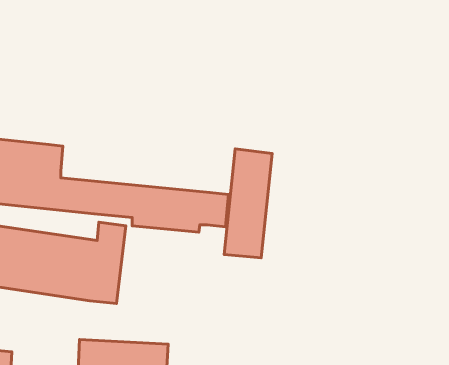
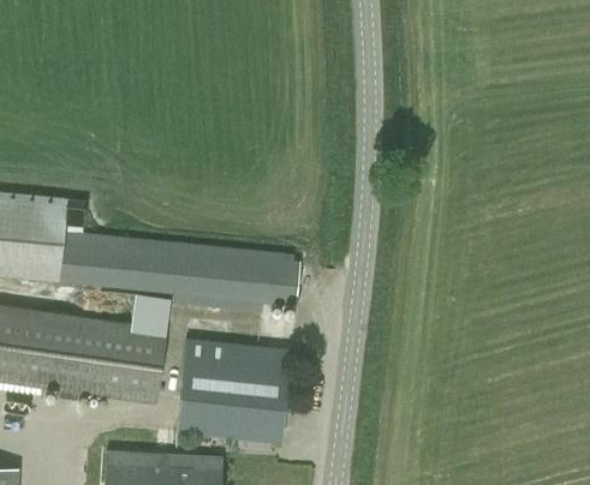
building: [224,149,272,258] -> none
building: none -> [178,339,290,441]

